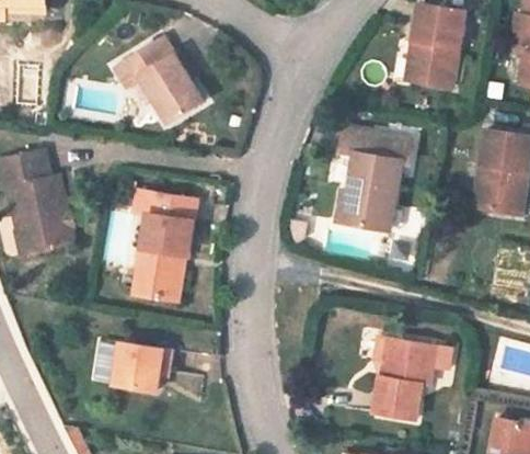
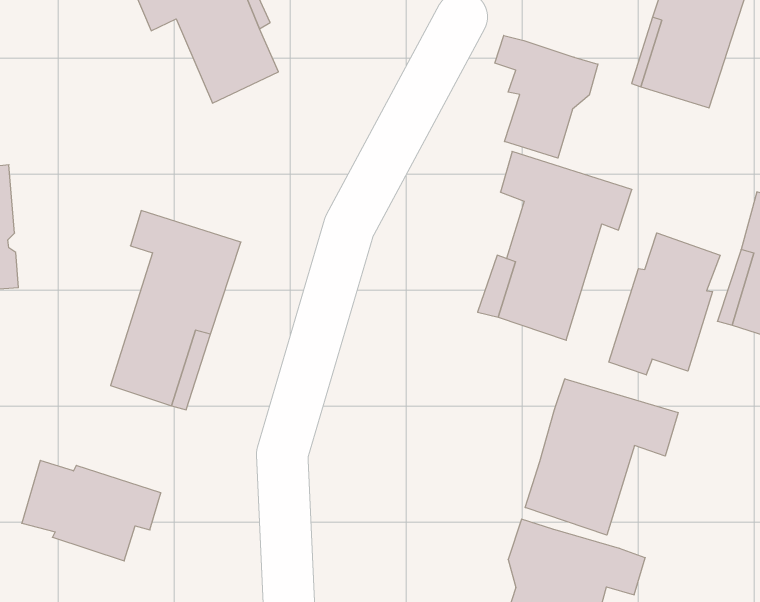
building: none -> [495,35,598,158]
building: none -> [609,233,720,375]
building: none -> [525,379,678,535]

